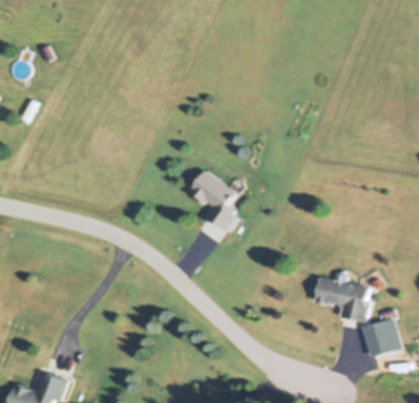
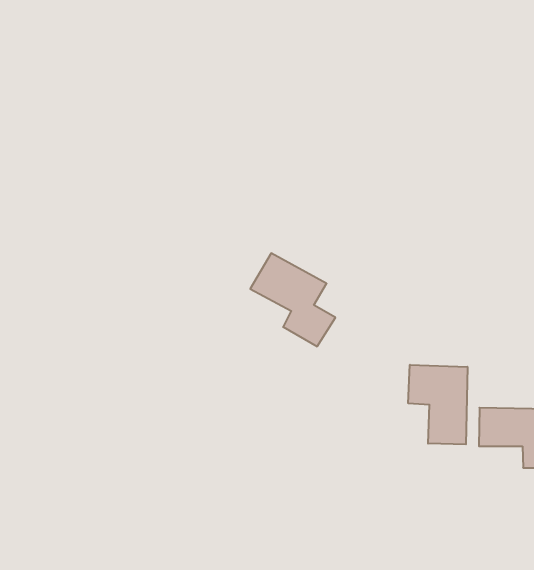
building: none -> [408,365,467,444]

